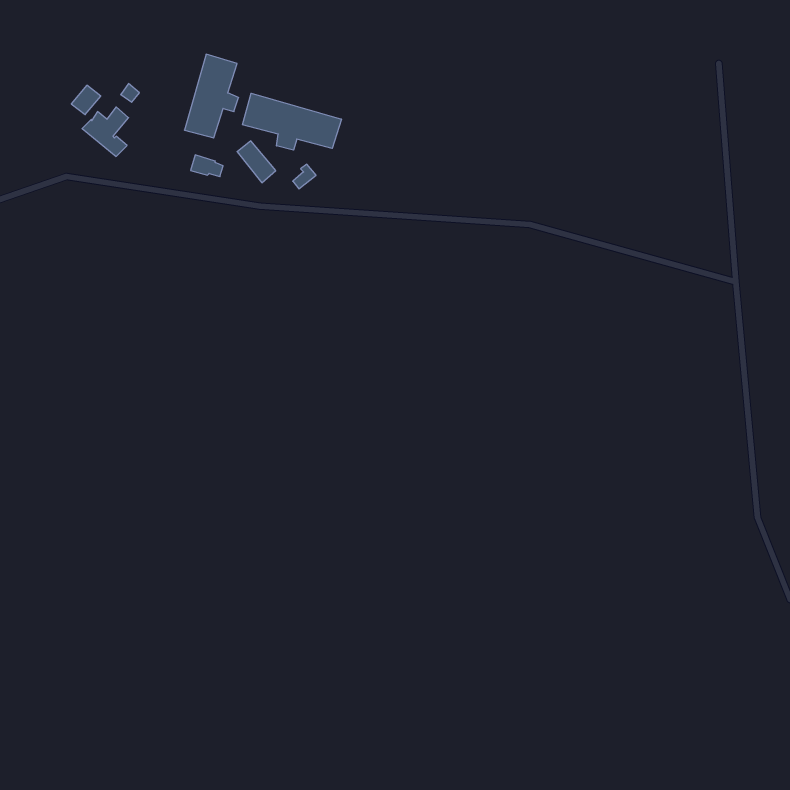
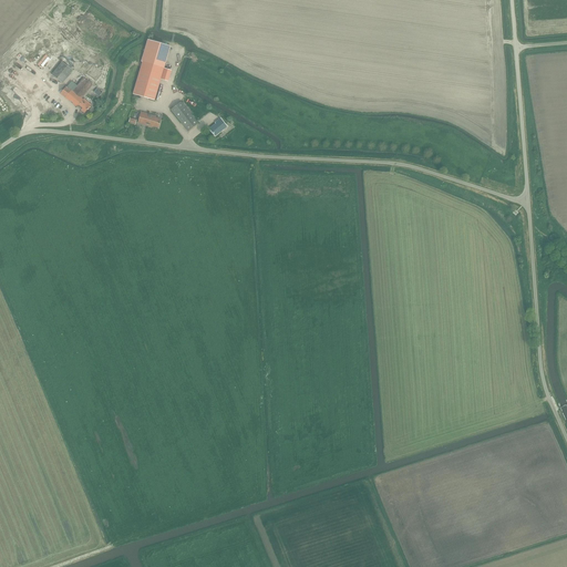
building: [243,93,341,150] -> none

